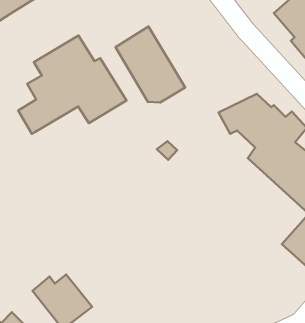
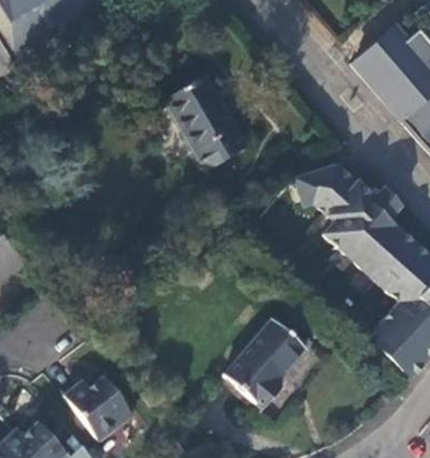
building: [18,35,126,134] -> none
building: none -> [221,313,311,409]

